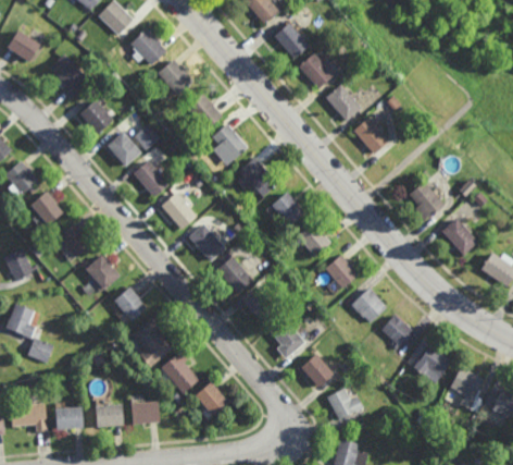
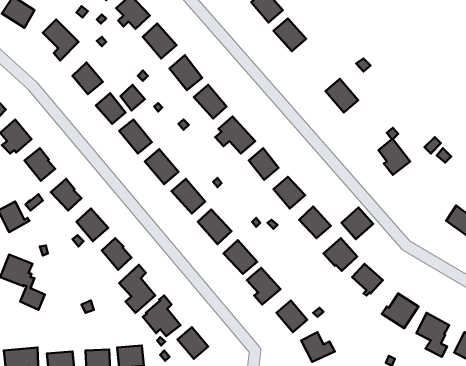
building: [324,83,360,120] -> none
building: [441,218,477,255] -> none
building: none -> [342,208,373,239]

